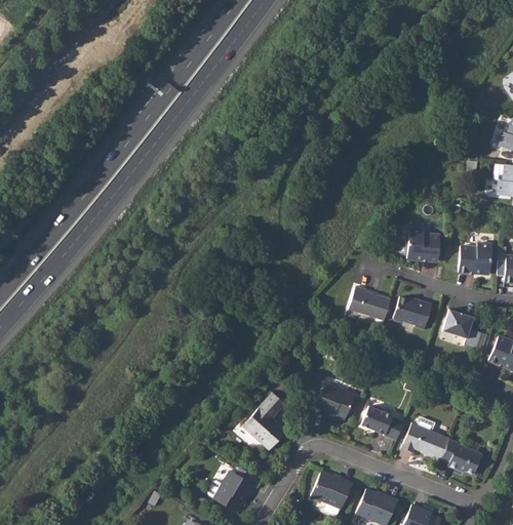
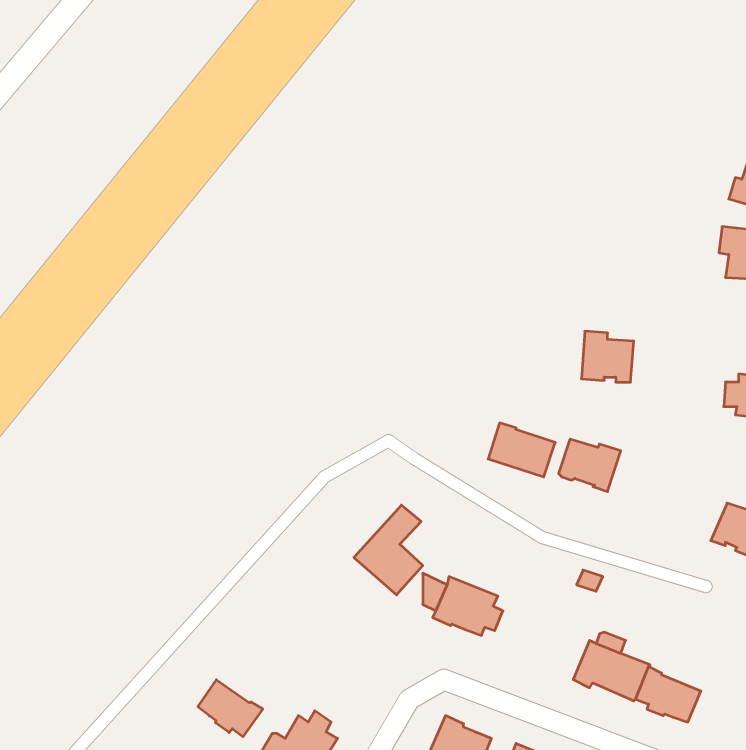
building: [459,243,491,274] -> none
building: [442,309,474,338] -> none
building: [243,393,286,449] -> [354,505,423,595]
building: [361,405,404,441] -> none
building: none -> [198,680,263,737]

